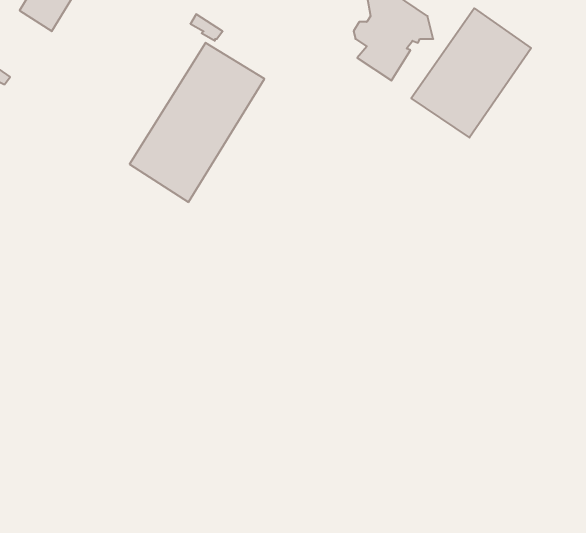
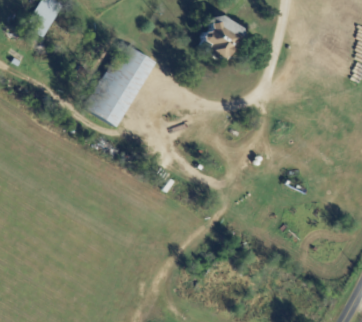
building: [411,8,531,138] -> none

